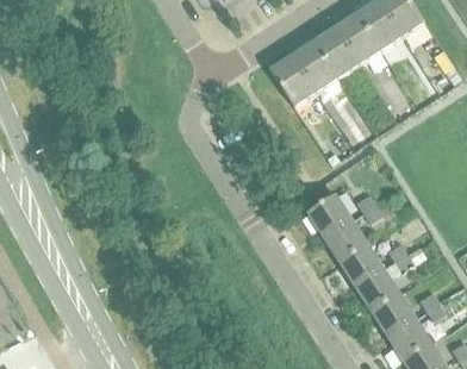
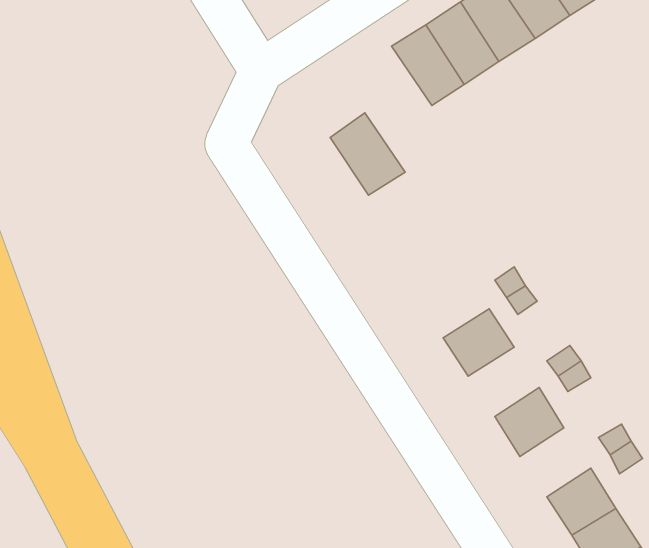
building: [269,55,316,106] -> [330,113,405,195]
building: [307,193,351,236] -> none
building: [338,242,382,284] -> none
building: [371,292,415,334] -> none

